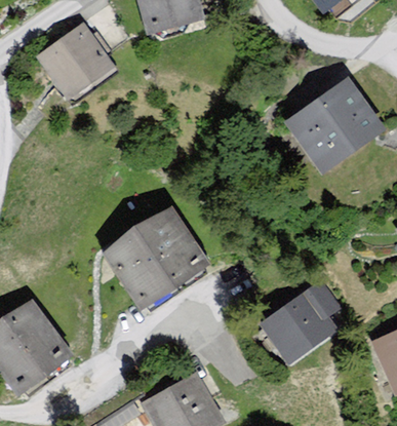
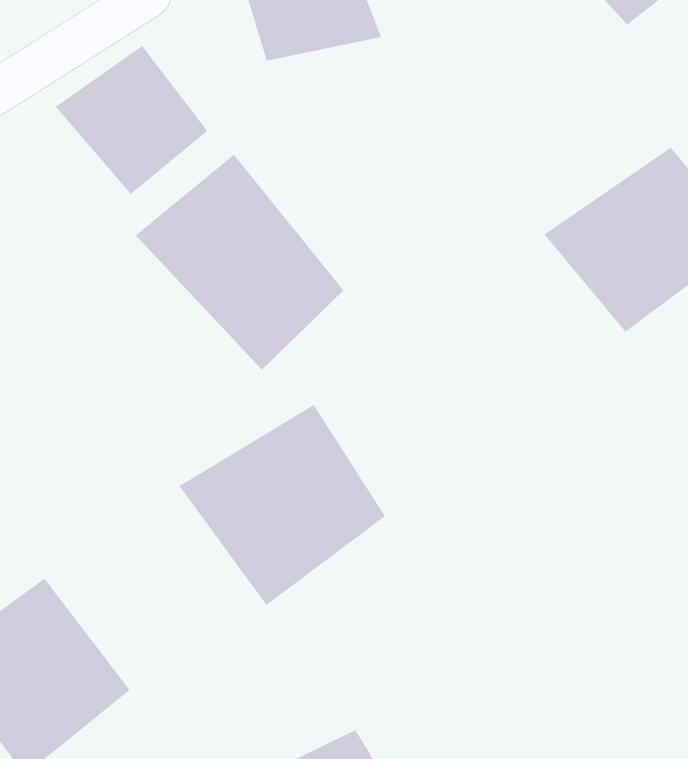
building: none -> [135,154,344,371]
building: [261,287,339,365] -> none

